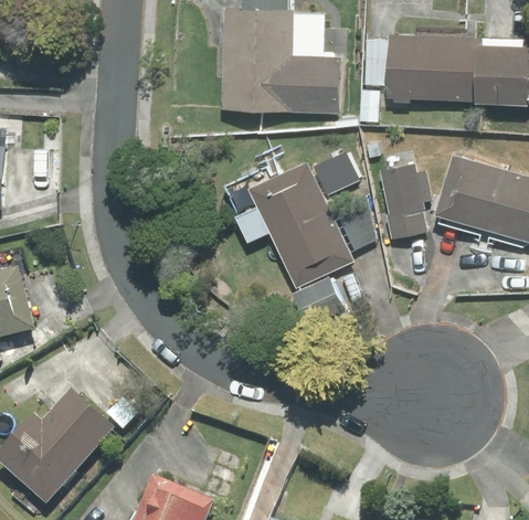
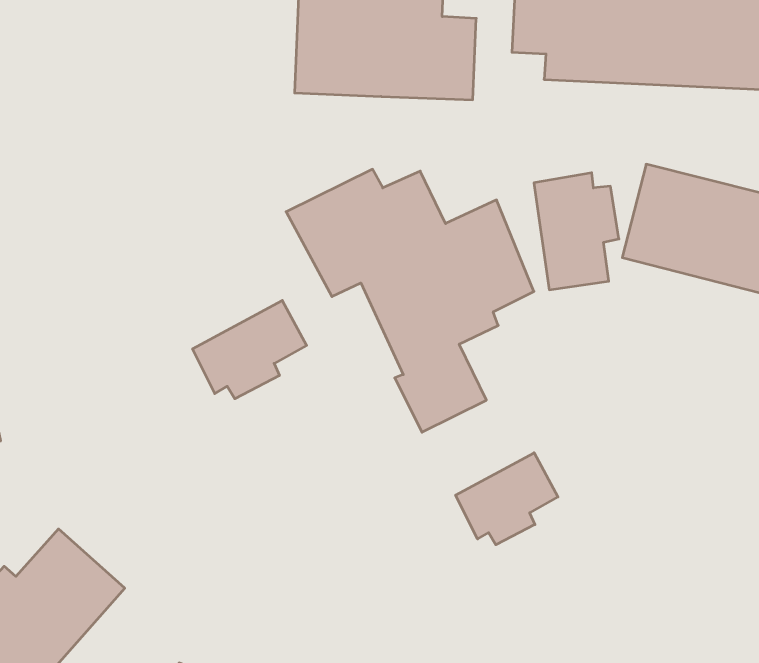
building: none -> [193,300,307,399]
building: none -> [456,453,558,545]

